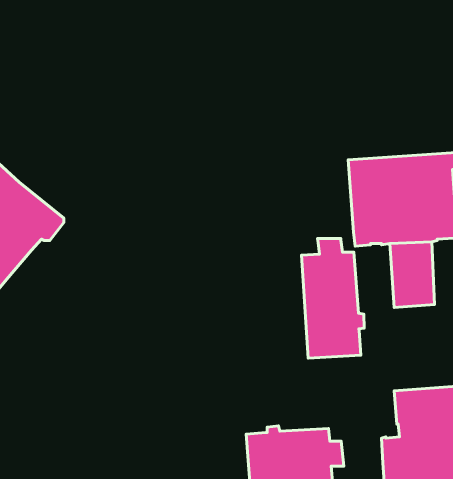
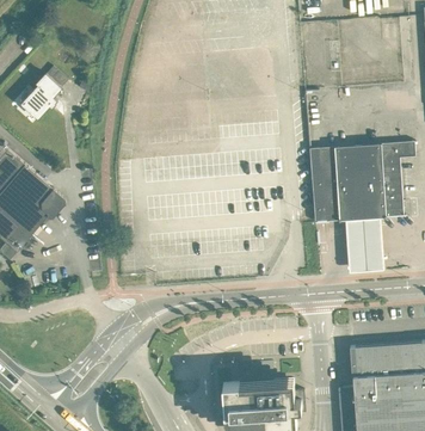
building: none -> [18,64,68,117]
building: [301,238,364,358] -> none

